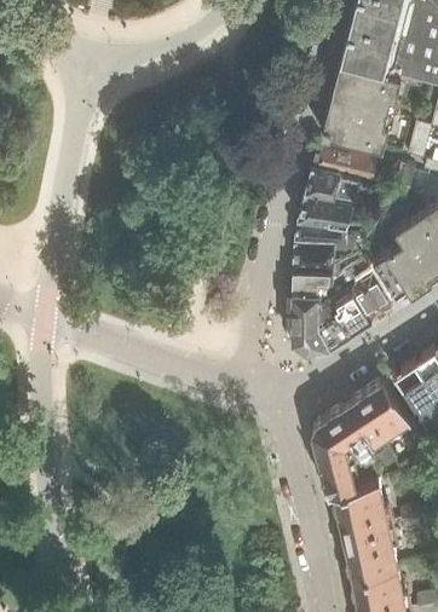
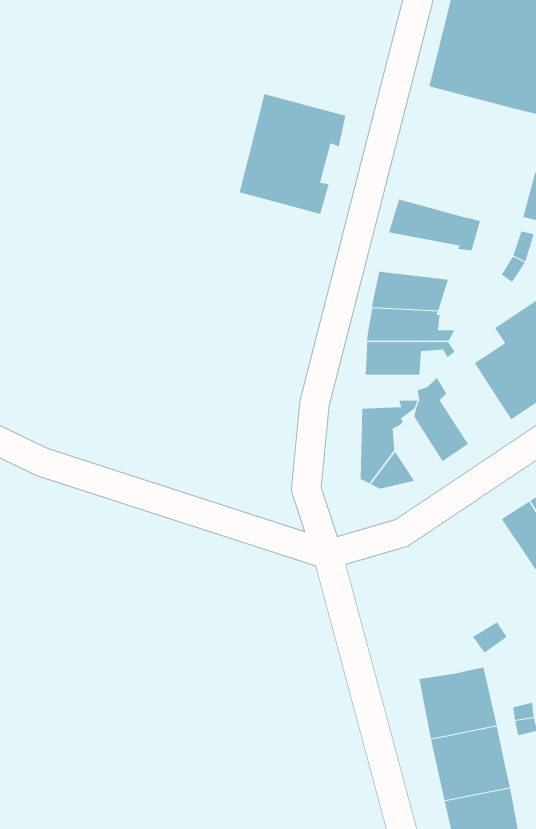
building: [322,63,399,150] -> [239,94,346,214]
building: [304,168,362,202] -> none
building: [292,266,339,295] -> none
building: [346,270,391,321] -> none
building: [315,295,350,347] -> none
building: [312,380,409,491] -> none

